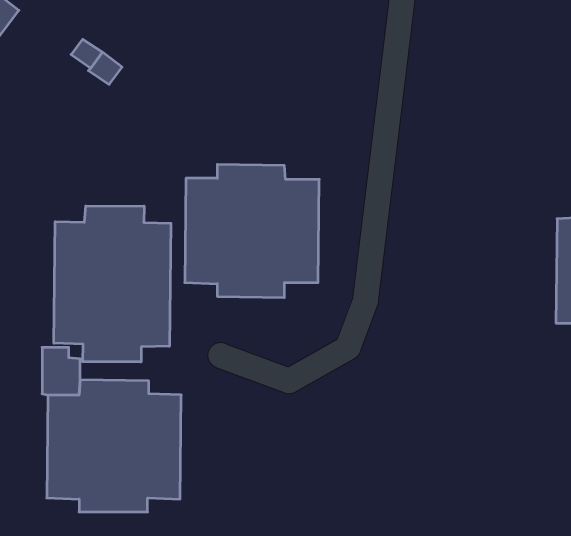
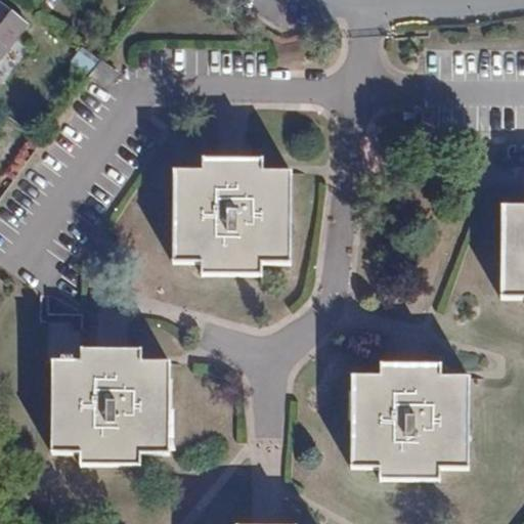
building: [54,206,171,362] -> none
building: none -> [350,361,469,478]

